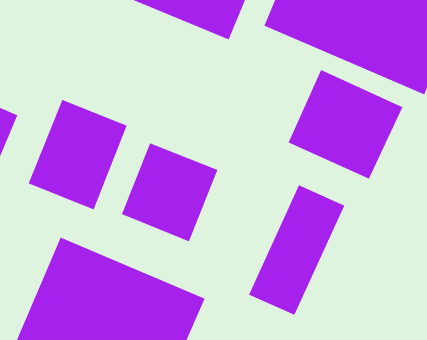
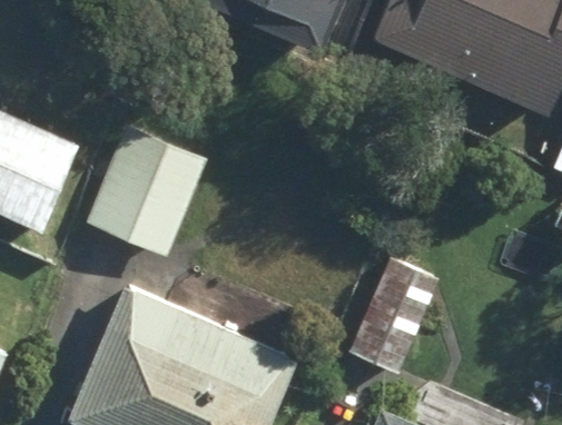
building: [288,69,403,180] -> none
building: [121,142,218,242] -> none

